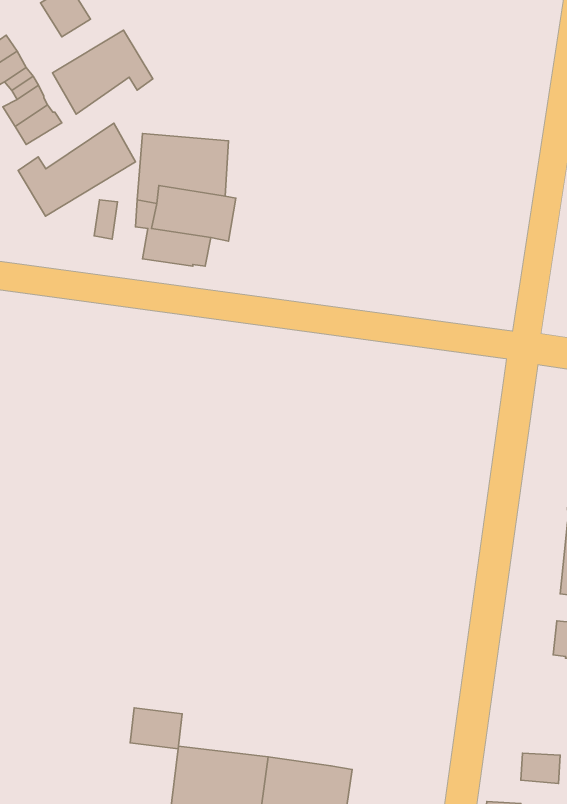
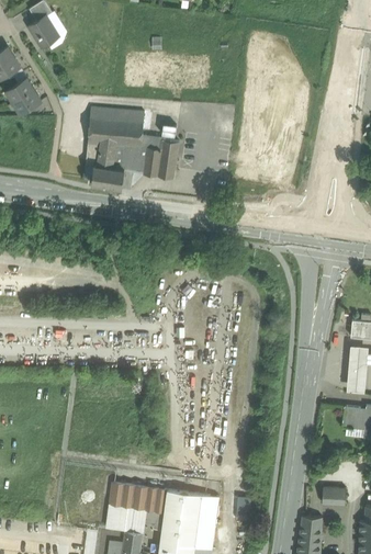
building: [52,30,153,114] -> none
building: [18,123,136,216] -> none
building: none -> [144,138,179,179]
building: [130,708,182,749] -> none

